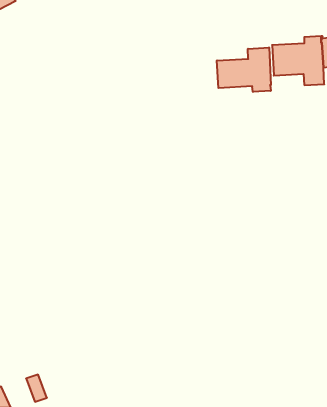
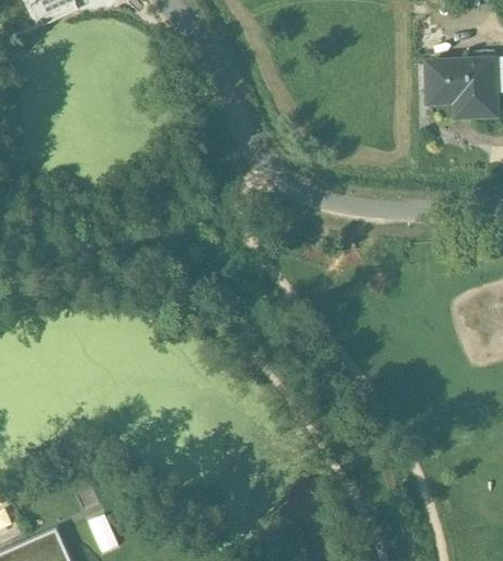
building: [217,47,271,92] -> none

